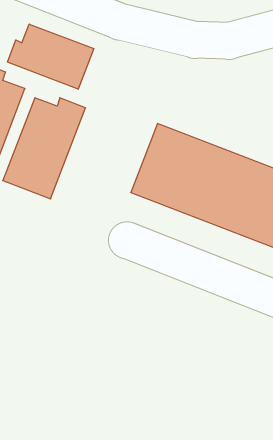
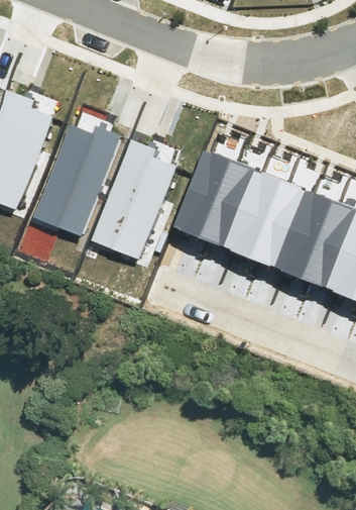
building: [7,24,94,89] -> none
building: none -> [95,135,182,257]

